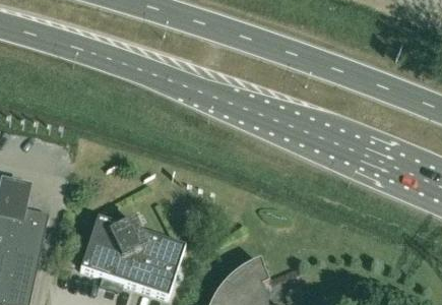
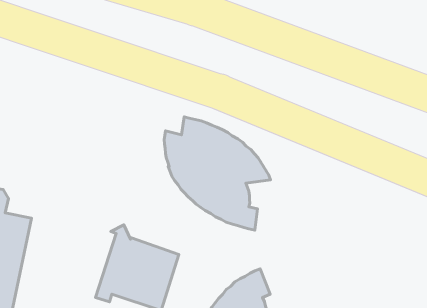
building: none -> [164,117,270,230]
building: [79,216,126,285] -> none

